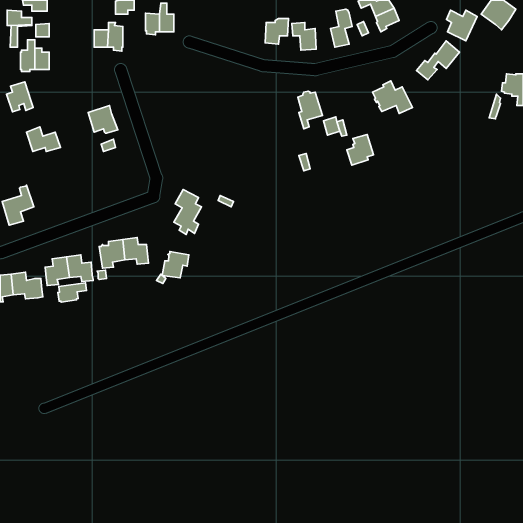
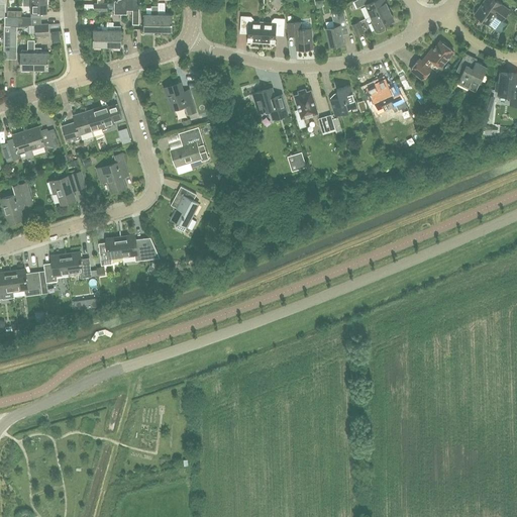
building: [447,10,477,41] -> [456,62,487,92]
building: none -> [239,16,263,42]
building: [6,82,33,112] -> [8,130,34,160]
building: none -> [166,82,196,114]
building: none -> [253,88,288,119]
building: none -> [63,111,93,142]
building: none -> [171,126,208,173]
building: [347,134,373,165] -> [330,85,356,115]
building: none -> [97,153,128,190]
building: none -> [47,173,85,203]
building: [162,251,189,278] -> none
building: [58,283,86,302] -> none

